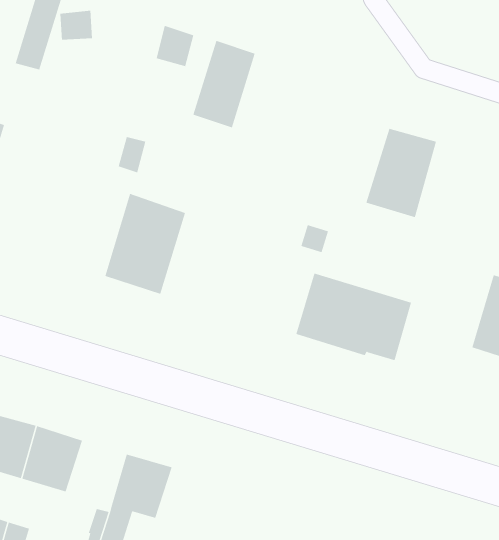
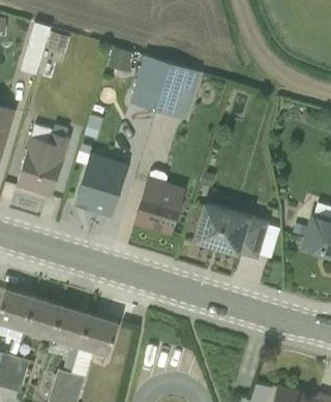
building: [366,128,437,218] -> [155,65,200,121]
building: none -> [17,124,70,196]
building: none -> [136,169,184,233]
building: none -> [52,306,89,346]

